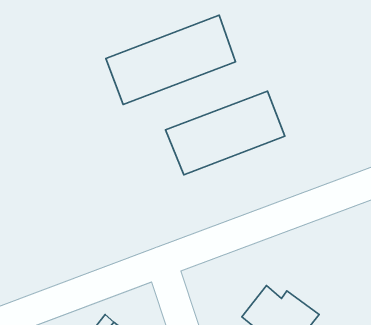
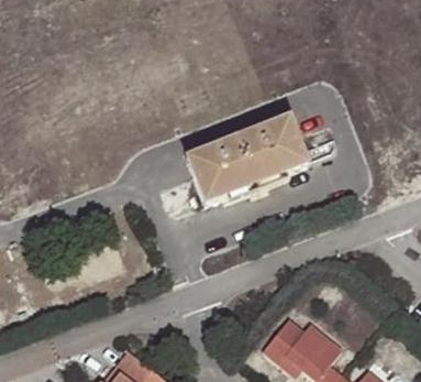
building: [106,15,236,104] -> none

